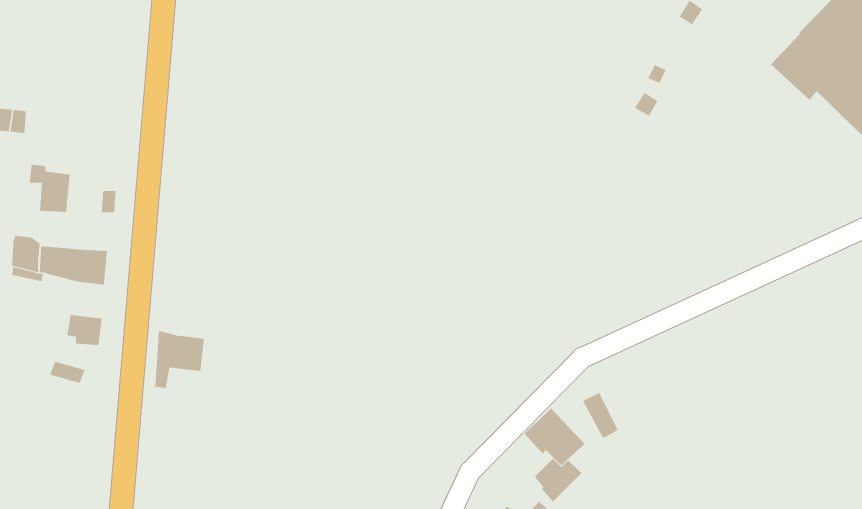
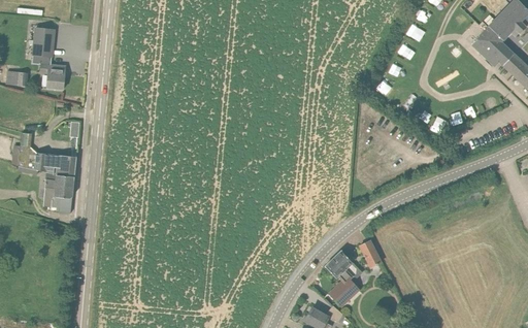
building: none -> [32,27,54,56]
building: [29,164,70,212] -> [40,60,65,89]
building: [155,330,205,389] -> [43,171,73,206]

